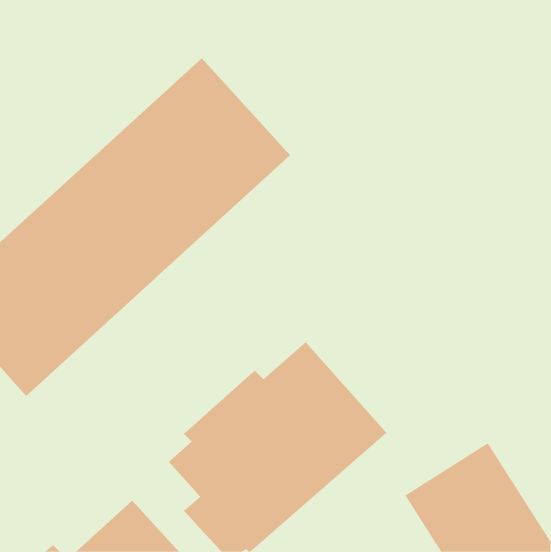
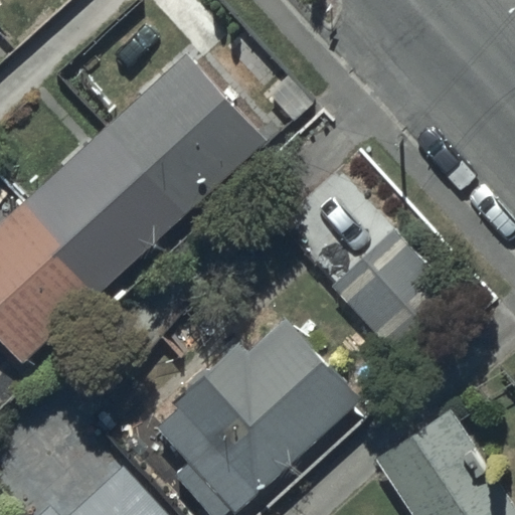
building: none -> [328,225,452,349]

